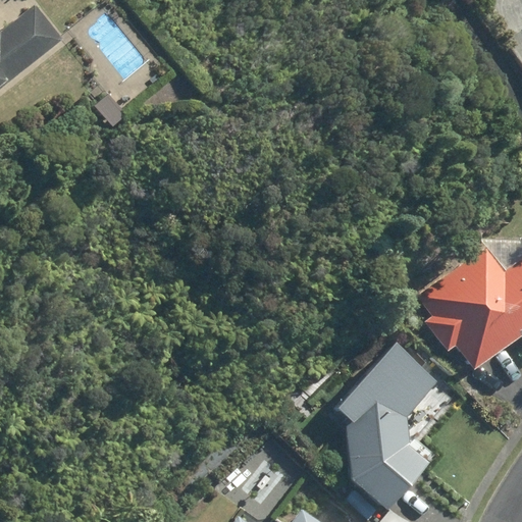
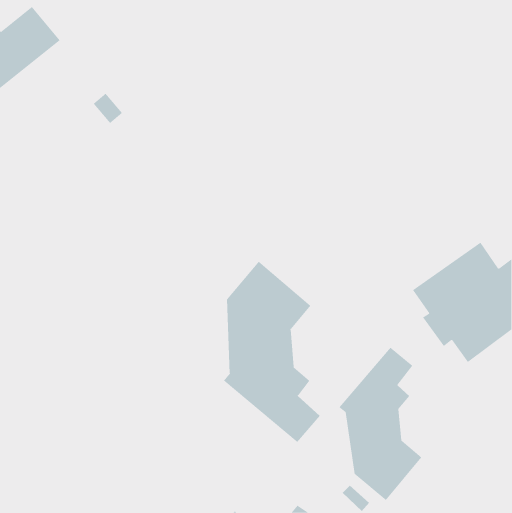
building: none -> [223,261,320,443]

